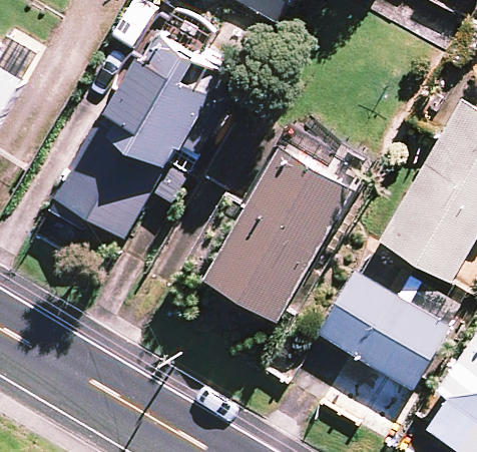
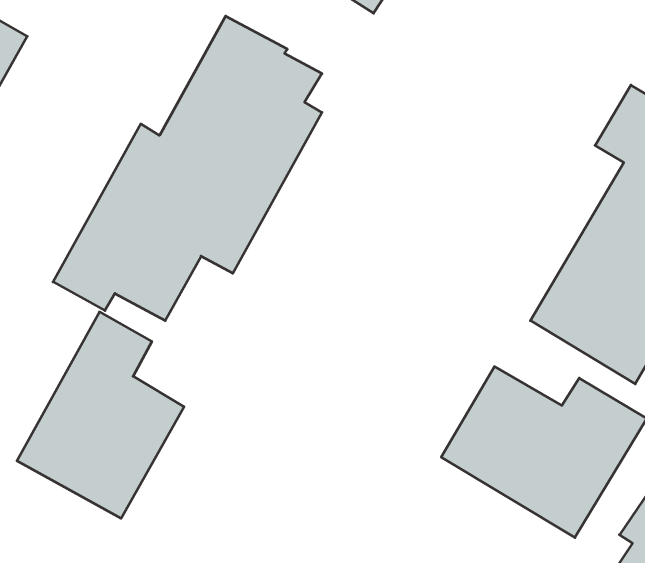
building: [204,142,355,320] -> none
building: none -> [17,312,184,518]

